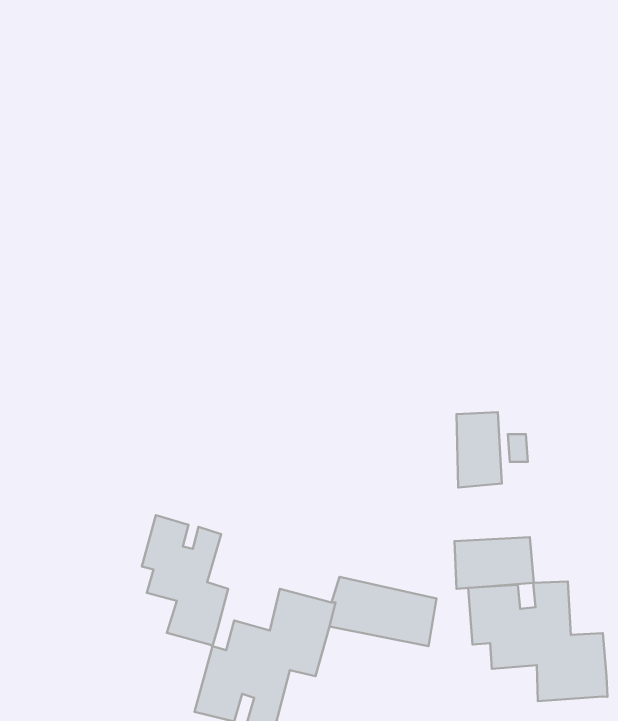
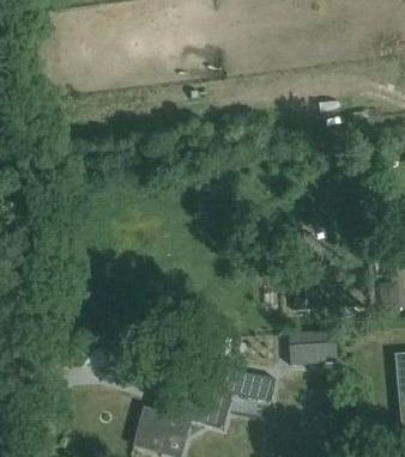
building: [142,515,228,646] -> none
building: [468,582,608,701] -> none

